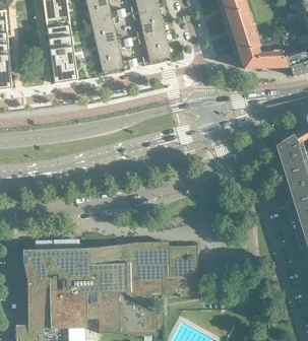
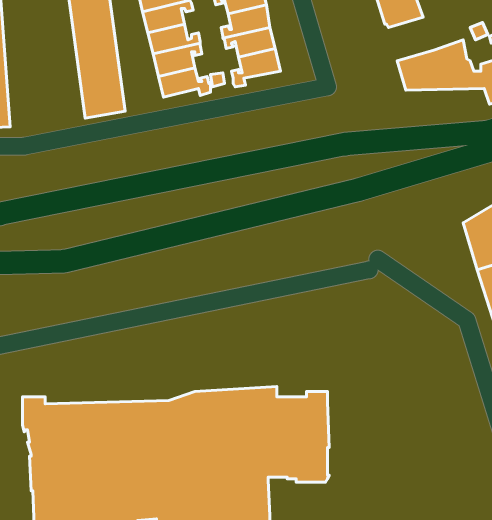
building: [233,25,259,51] -> none

